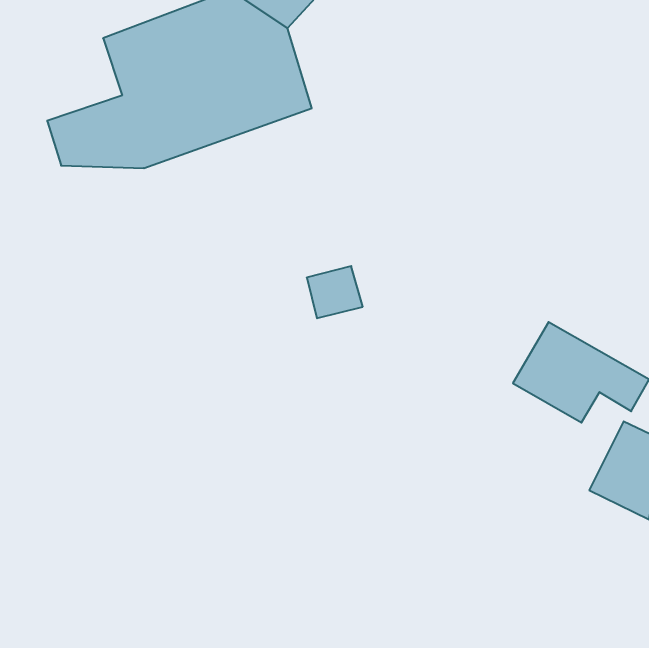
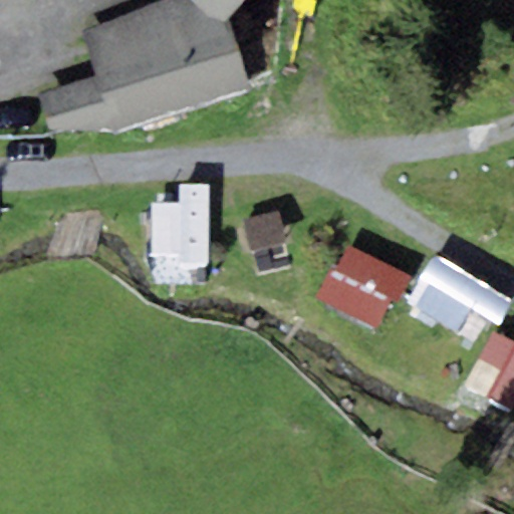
building: none -> [151,183,209,265]
building: none -> [315,245,411,325]

